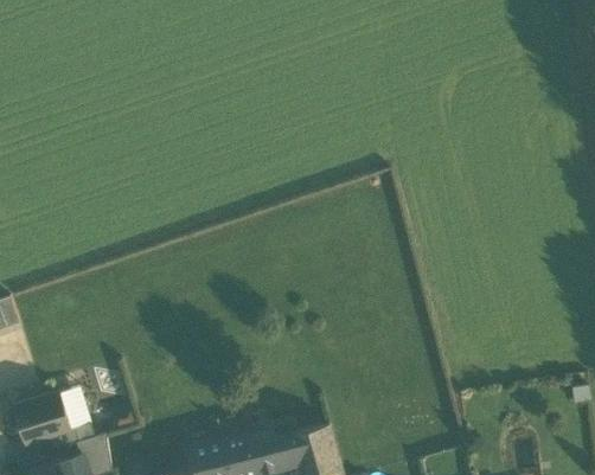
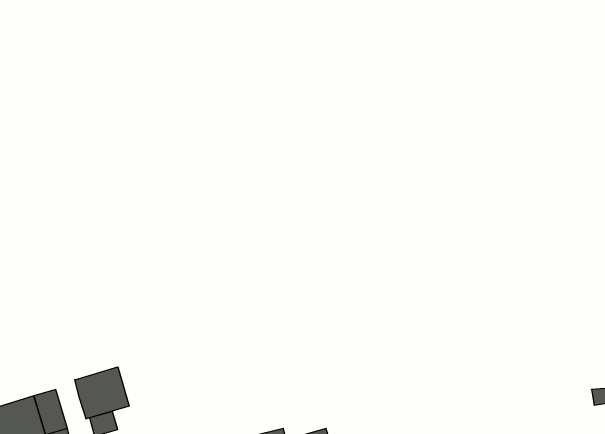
building: none -> [75,367,129,419]

